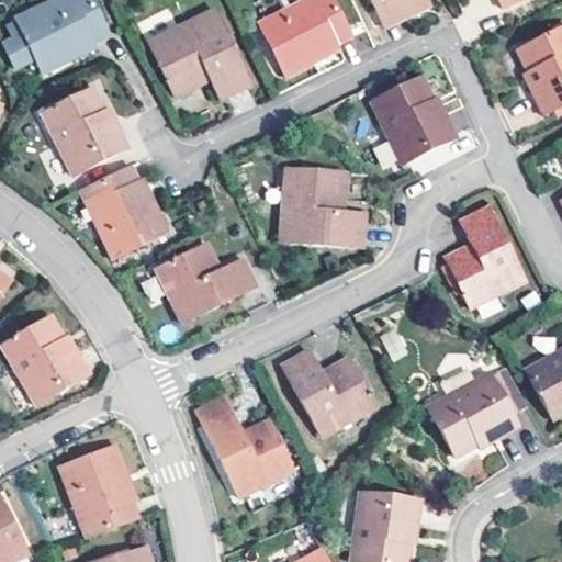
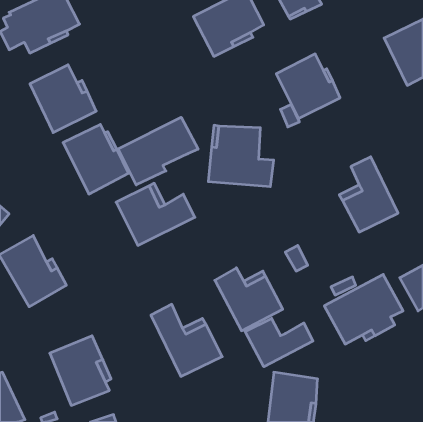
building: [146,5,247,98] -> none
building: none -> [118,117,198,185]
building: none -> [245,318,313,367]

